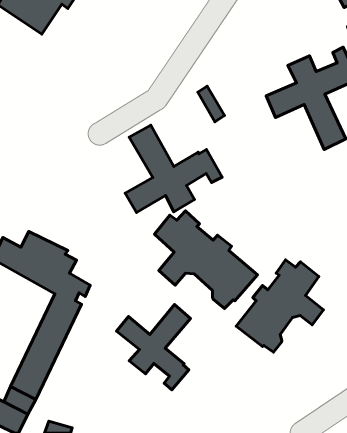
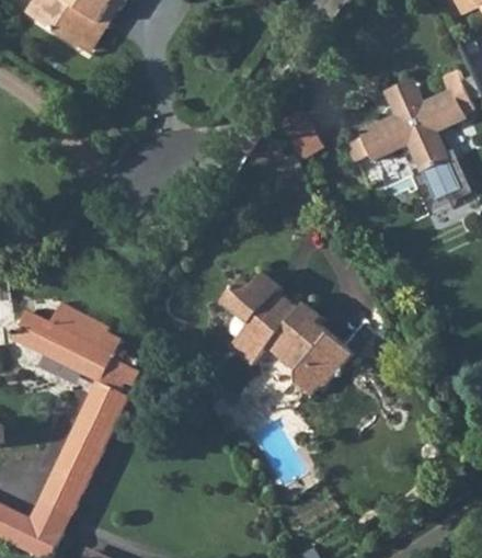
building: [125,125,222,213] -> none
building: [236,260,323,352] -> none
building: [117,304,191,390] -> none

